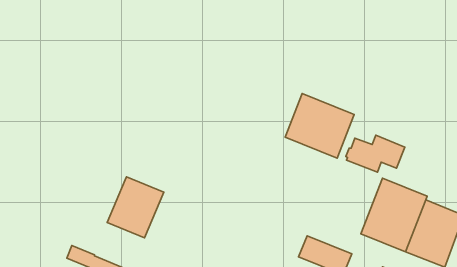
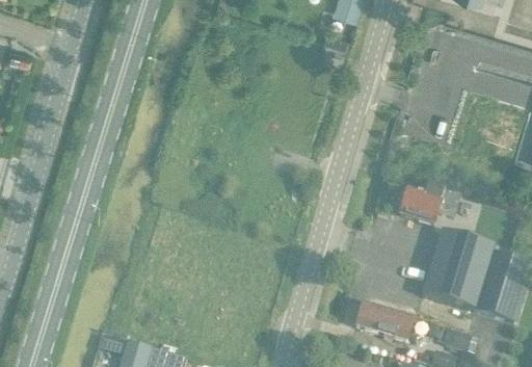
building: [285,94,354,158] -> none
building: [107,177,164,238] -> none

